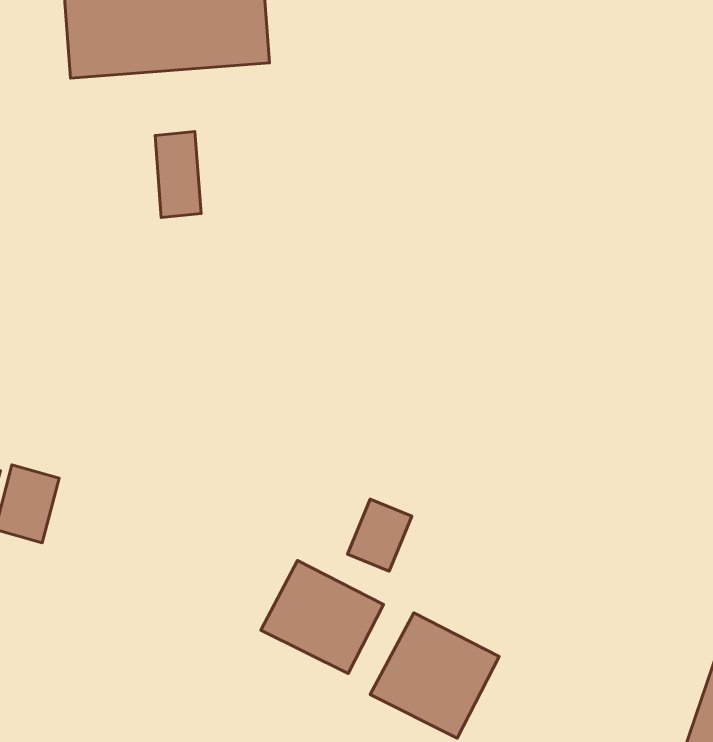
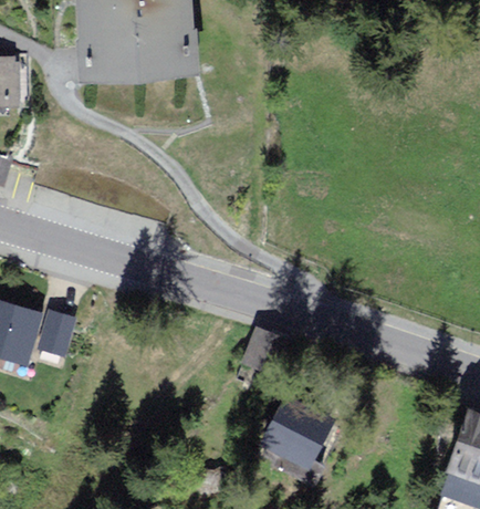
building: [155,131,201,217] -> none
building: [261,561,383,673] -> none

